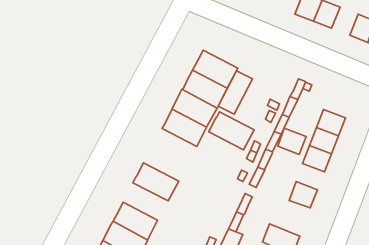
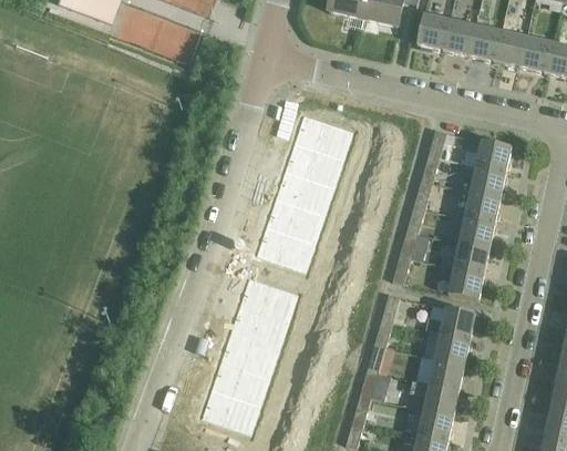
building: none -> [468,27,501,62]
building: [218,71,252,114] -> none
building: none -> [475,141,512,173]
building: [209,112,254,150] -> [255,226,315,271]
building: [278,128,306,155] -> [454,243,489,275]
building: none -> [228,305,288,349]
building: none -> [425,305,476,340]

